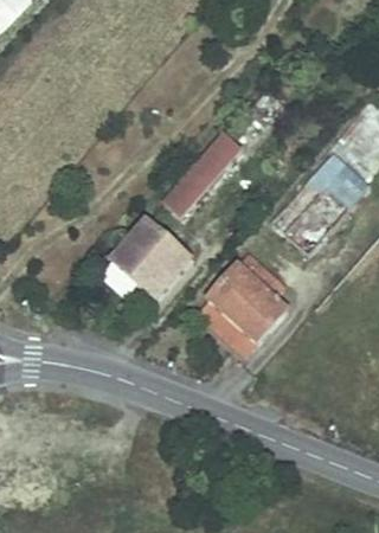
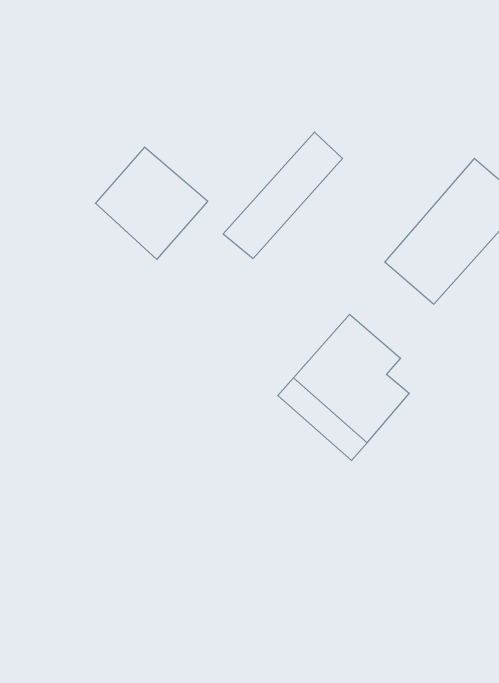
building: [113,220,188,296] -> [95,147,208,259]

